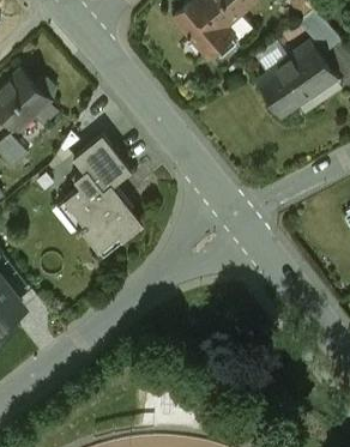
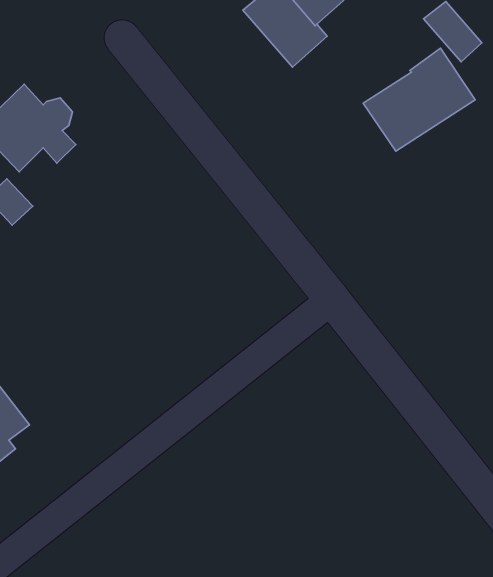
building: [62,138,138,254] -> none

